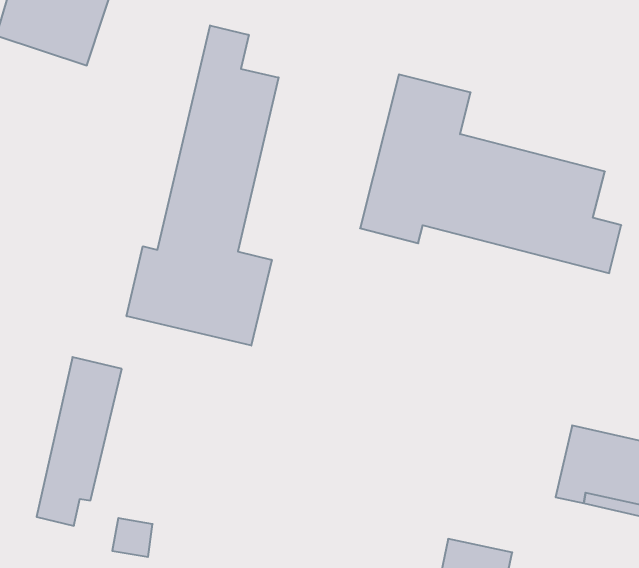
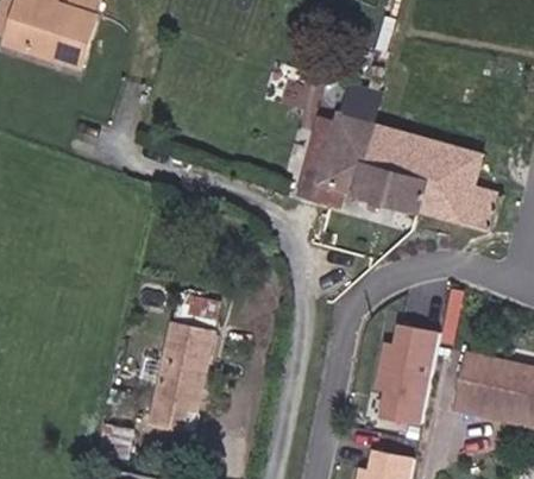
building: [127,25,279,346] -> none
building: [37,357,122,526] -> [150,297,218,431]
building: none -> [376,321,439,422]

